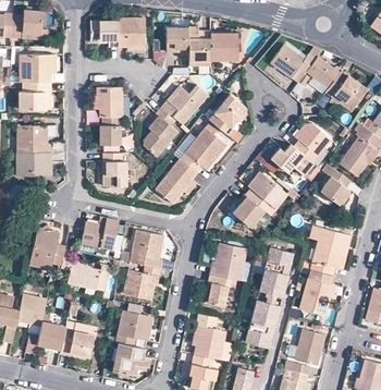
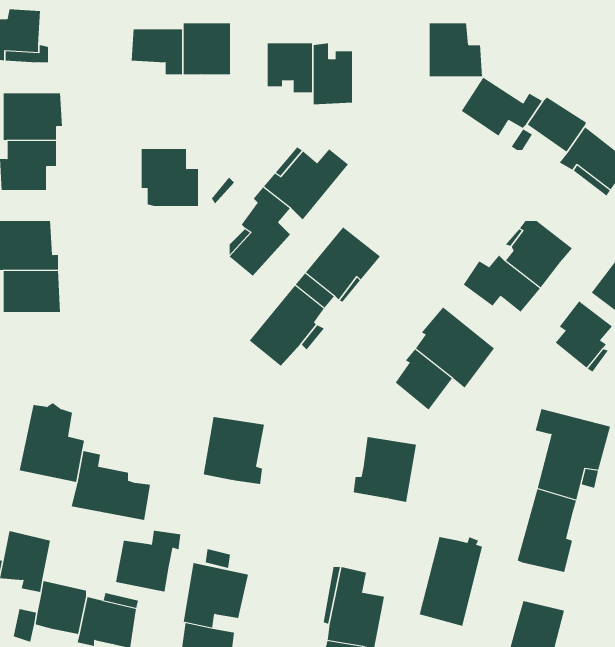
building: [210,33,239,62] -> [429,23,483,77]
building: [207,94,242,134] -> none
building: [98,117,119,143] -> none
building: [101,150,124,184] -> none
building: [79,217,116,247] -> none
building: [259,243,293,293] -> none
building: [124,266,160,300] -> [115,530,181,592]
building: [208,272,229,304] -> none

